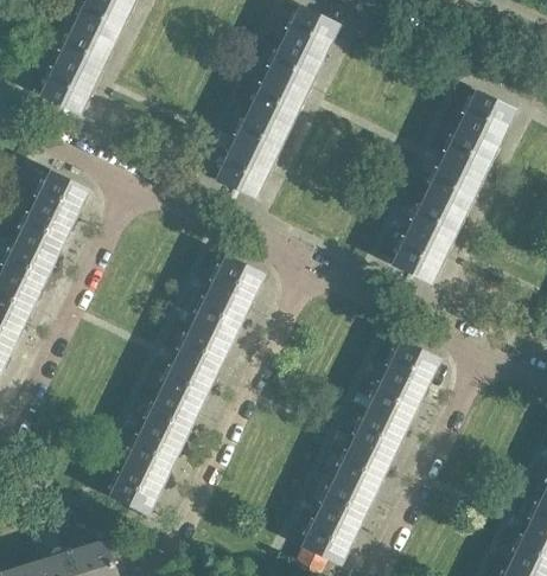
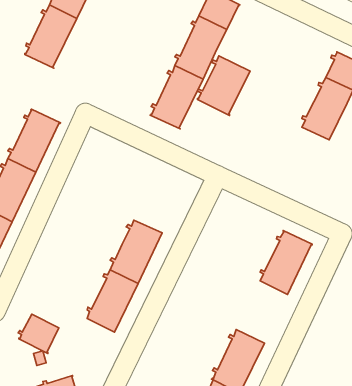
building: none -> [197,56,250,115]
building: [392,196,464,283] -> none
building: [192,254,266,343] -> none
building: [335,409,406,495] -> none
building: [108,461,165,516] -> [18,314,59,353]

